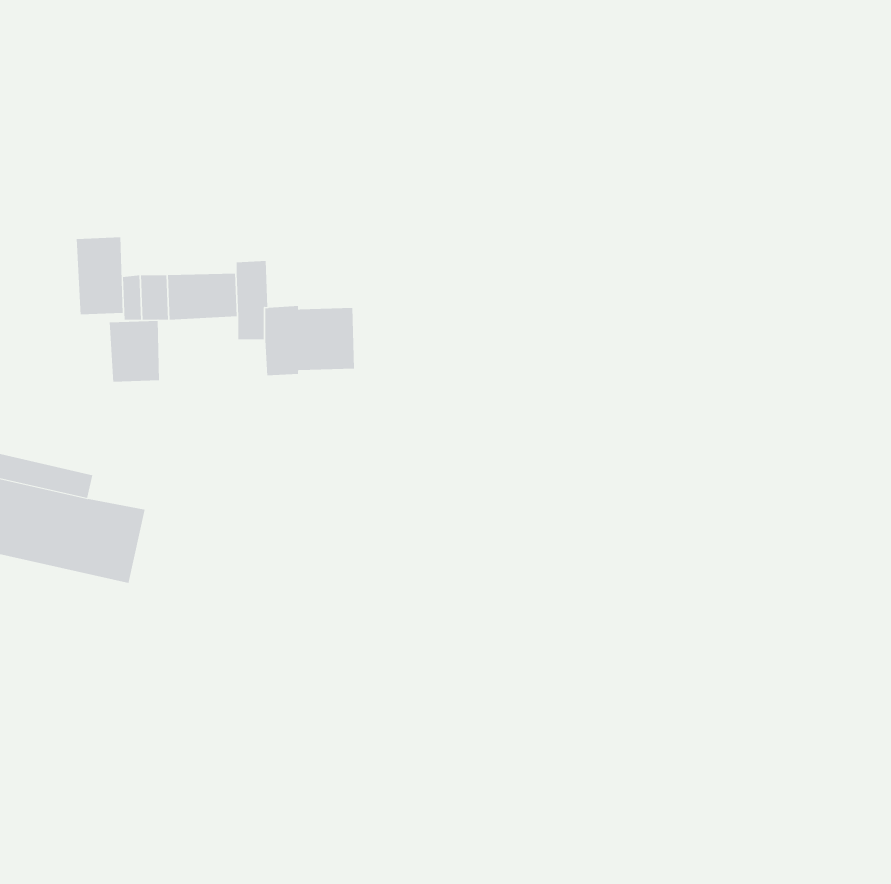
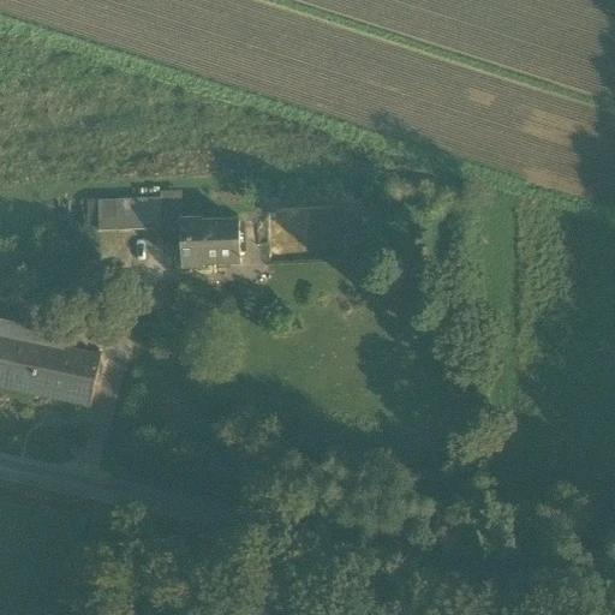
building: [76,237,123,315] -> none
building: [109,320,160,383] -> none

